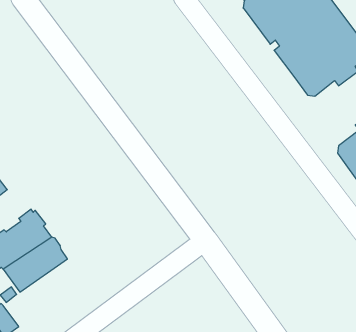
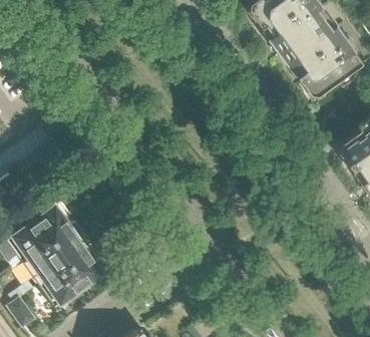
building: none -> [37,254,101,310]

